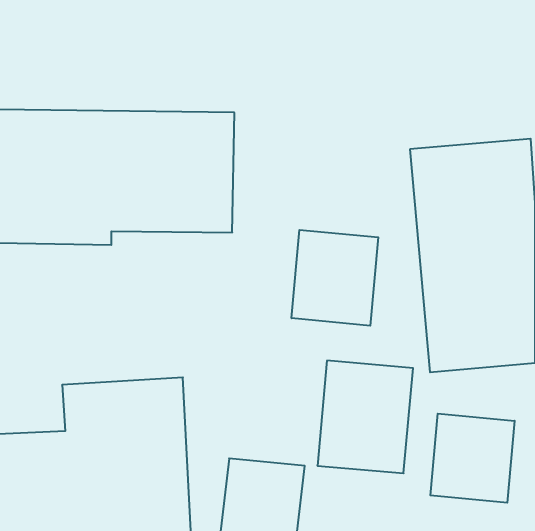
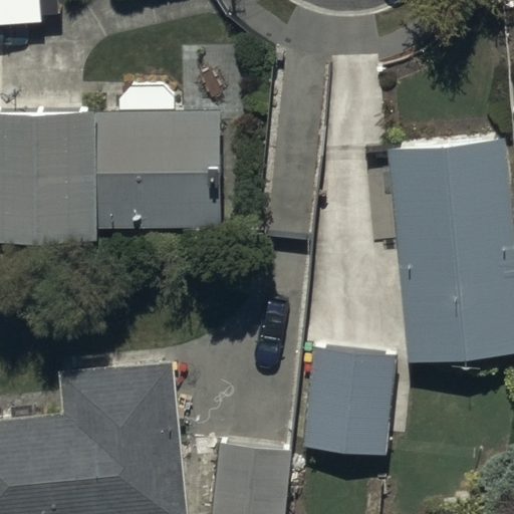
building: [292,230,378,326] -> none
building: [430,414,515,503] -> none

